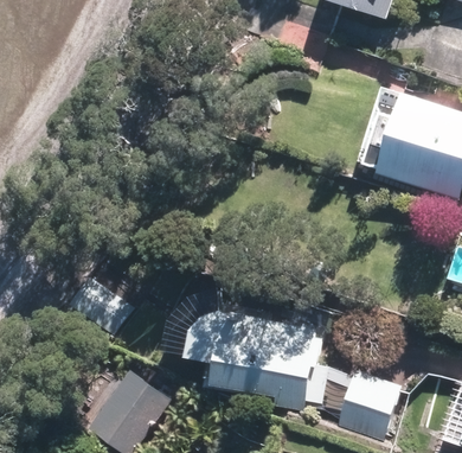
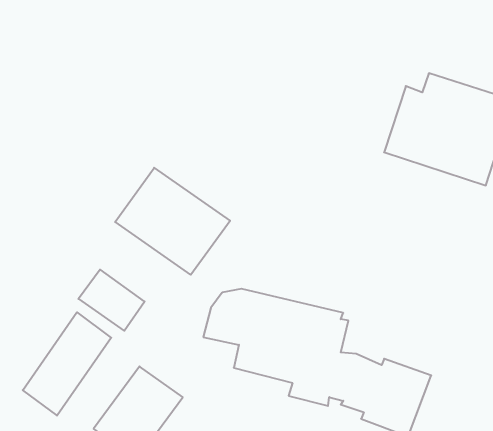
building: none -> [115,168,230,275]
building: none -> [23,312,111,416]

